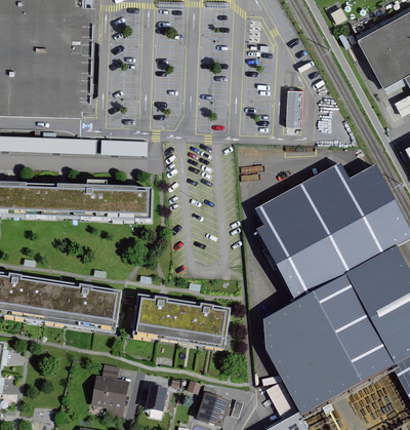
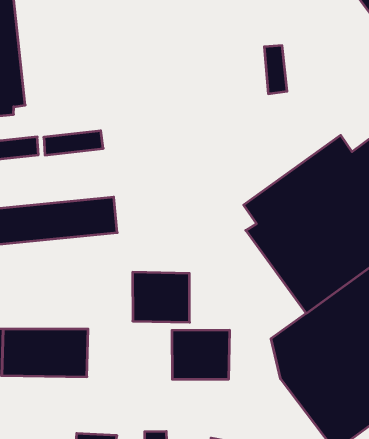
building: [134,296,184,342] -> [133,272,190,322]

